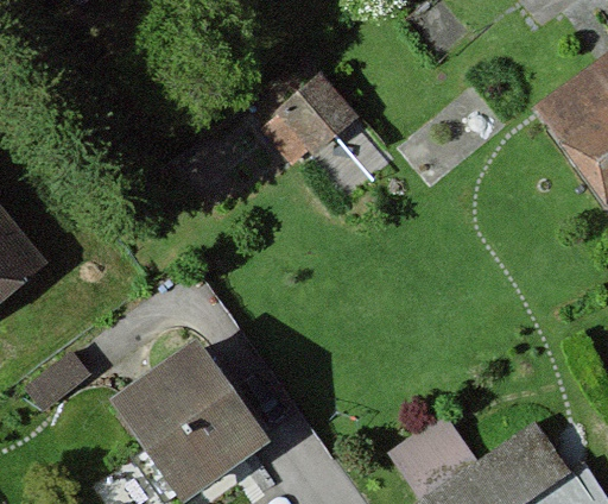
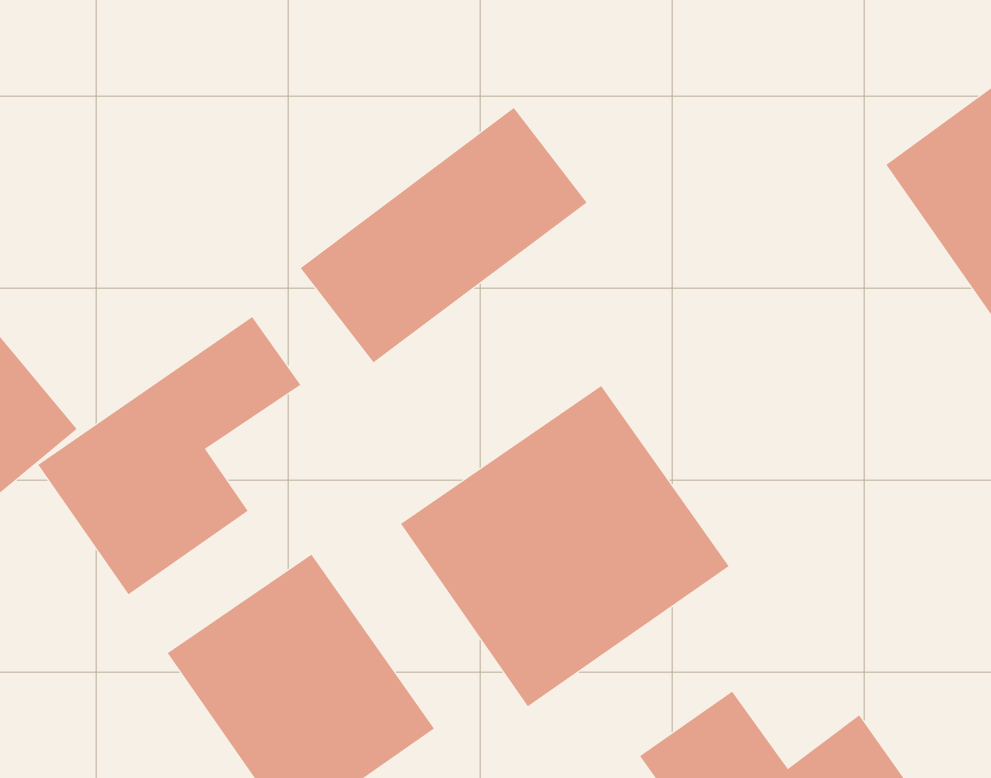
building: none -> [37,316,301,595]
building: none -> [400,385,730,707]

